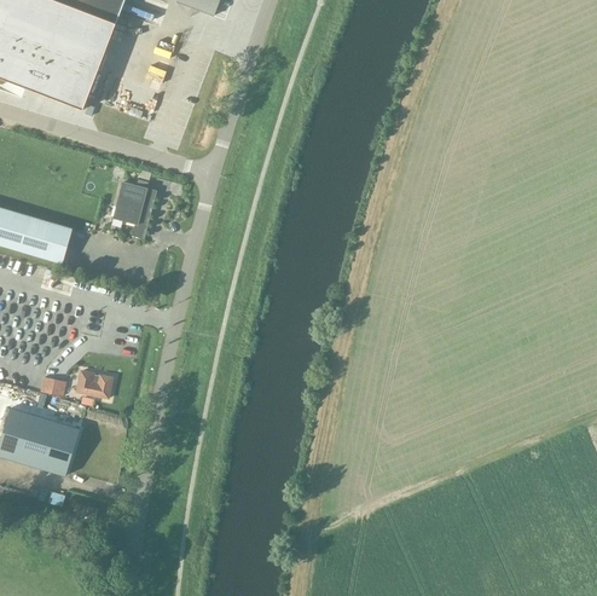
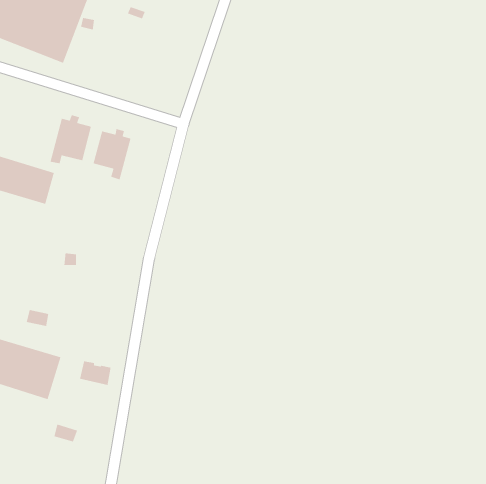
building: none -> [50,114,92,164]
building: [76,370,111,398] -> [79,360,111,386]

